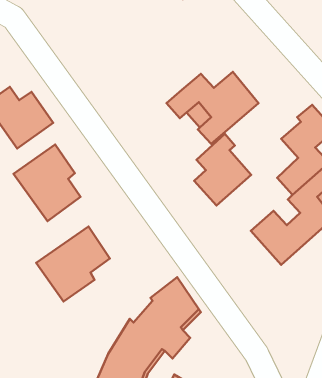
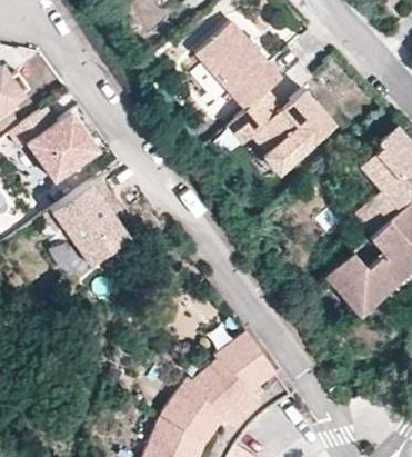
building: none -> [197,23,282,111]
building: [194,134,251,205] -> none
building: [36,226,110,302] -> none

